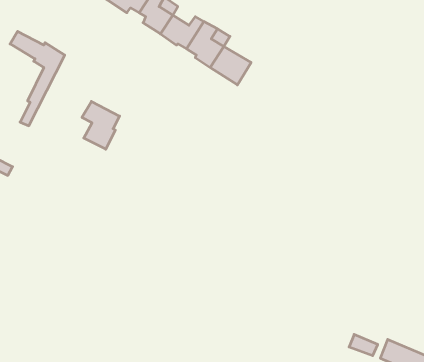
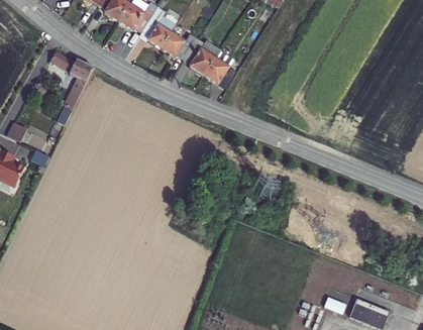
building: [82,101,120,149] -> none

